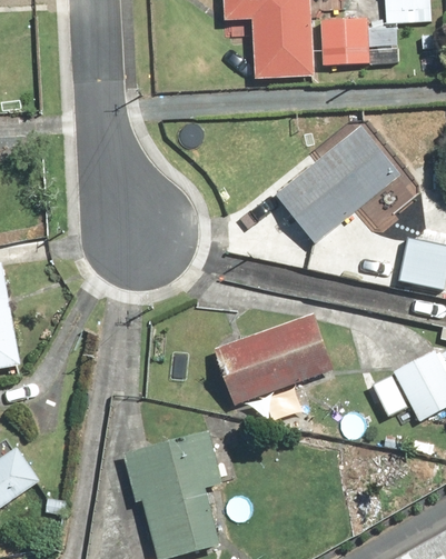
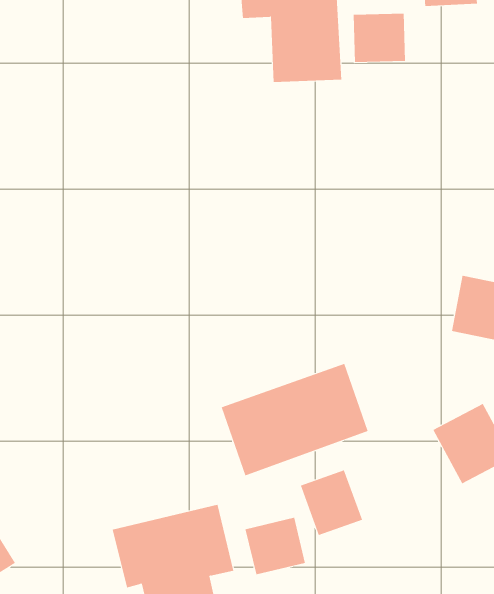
building: [277,128,410,239] -> none
building: none -> [300,469,363,536]
building: none -> [245,517,305,575]

